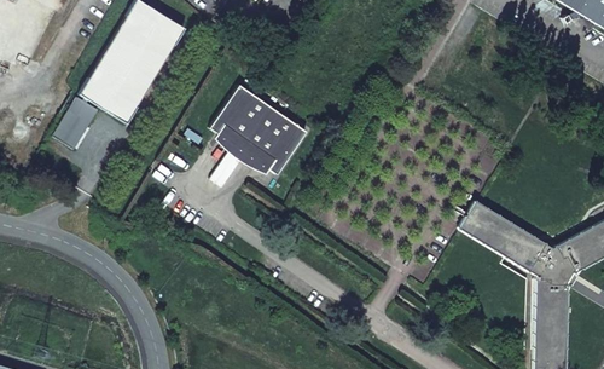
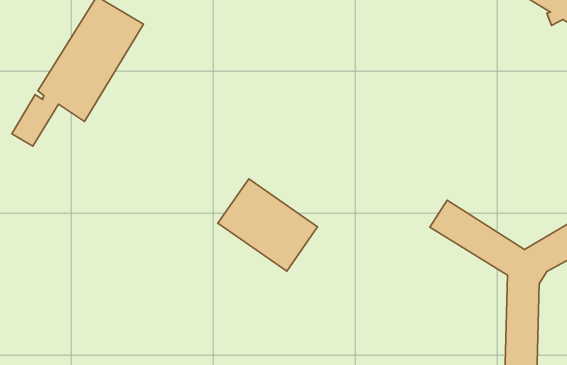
building: [208,86,306,177] -> [218,179,318,271]

